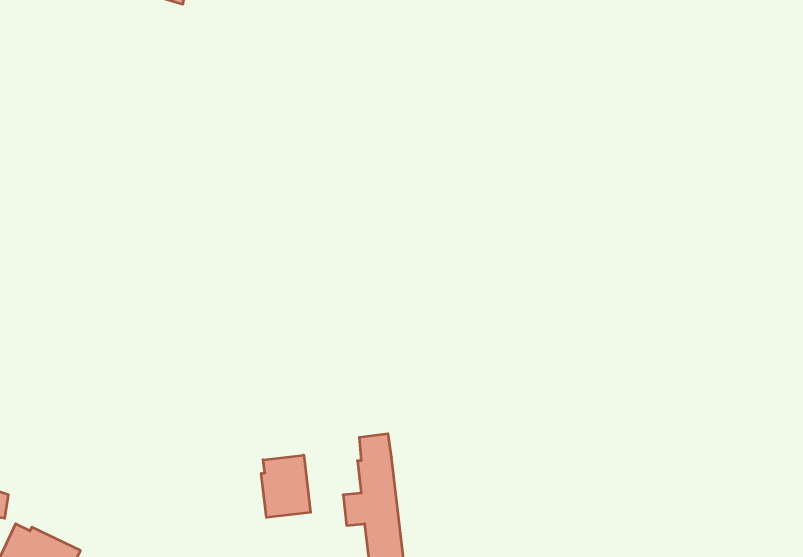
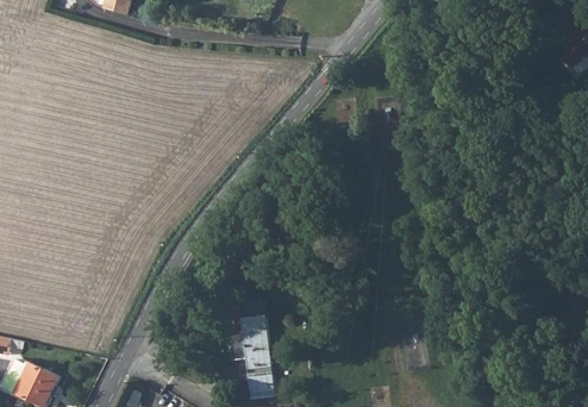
building: [261,455,311,517] -> none

